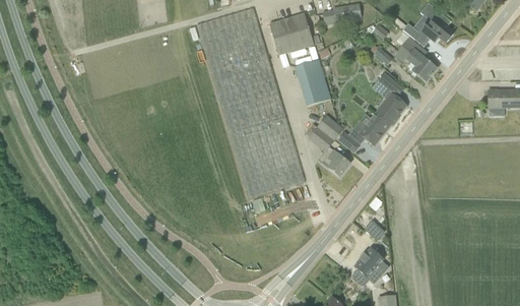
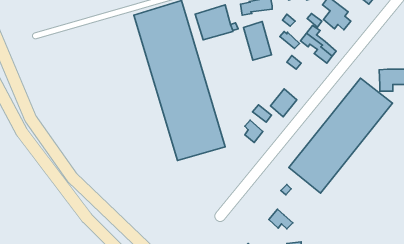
building: [299,58,332,104] -> [243,22,272,60]
building: [375,91,407,125] -> none
building: none -> [289,78,393,193]
building: [305,114,343,150] -> none

